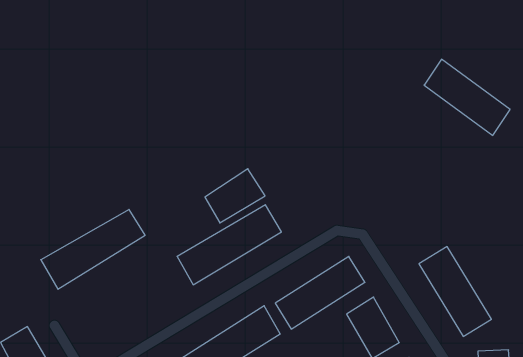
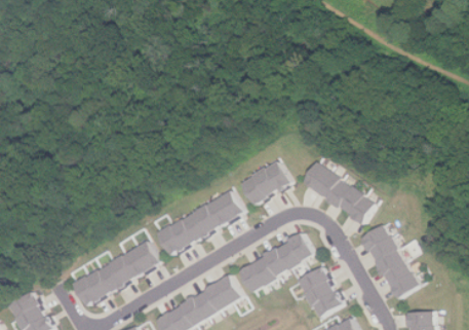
building: [424,59,510,135] -> [302,161,374,225]
building: [205,169,265,223] -> [240,160,290,206]
building: [41,209,145,289] -> [72,241,159,307]

